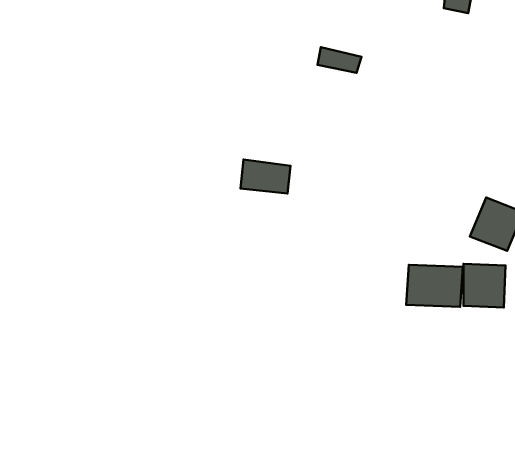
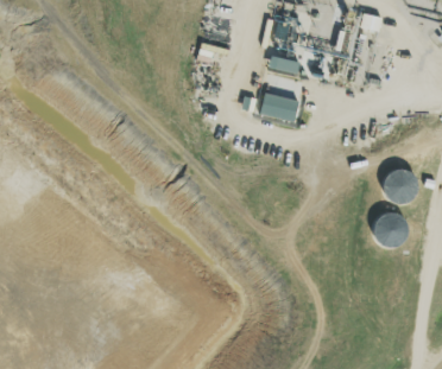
building: [240,159,291,193] -> [261,94,298,119]
building: [406,265,463,307] -> none

